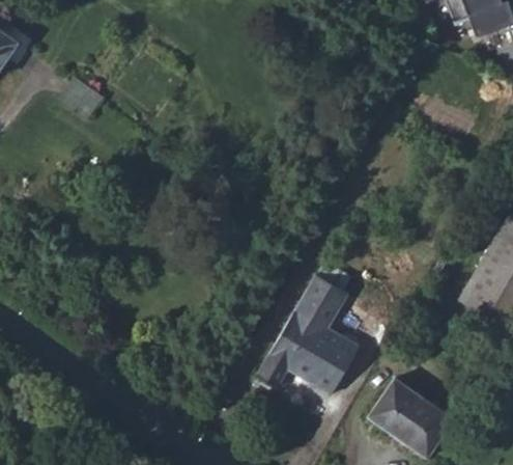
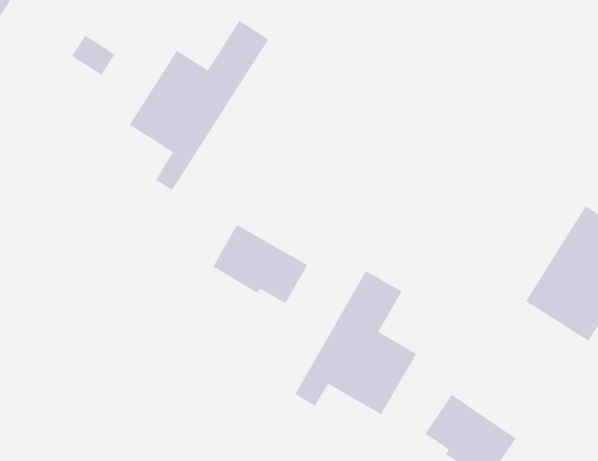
building: none -> [129,20,269,191]
building: none -> [213,224,308,304]

